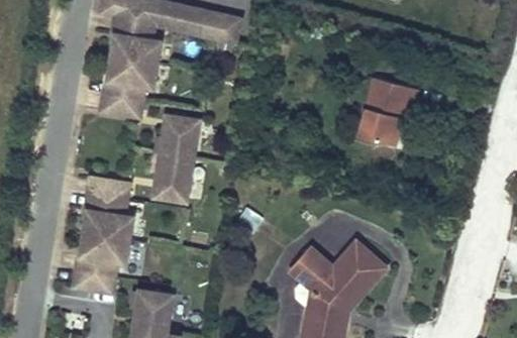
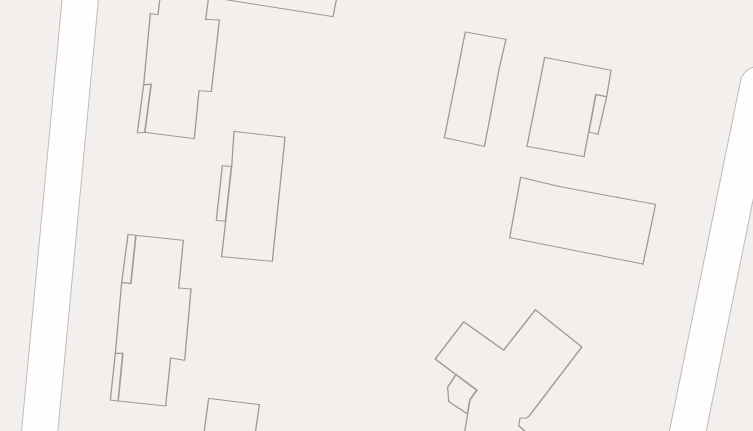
building: none -> [444,32,506,146]
building: none -> [510,177,655,264]

